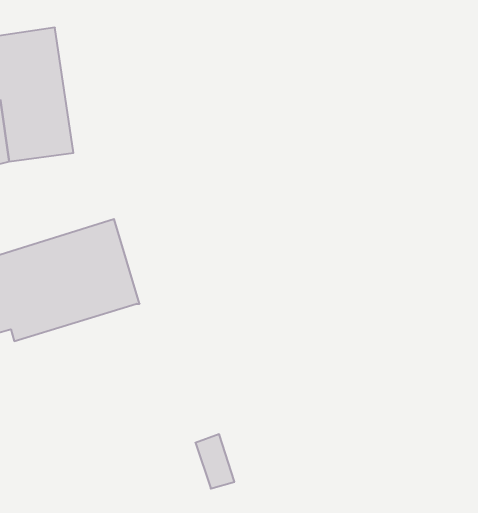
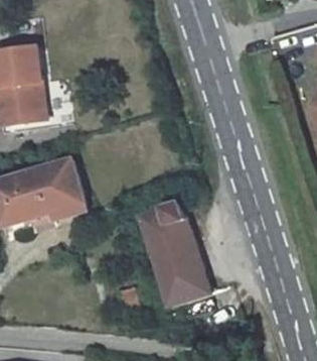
building: none -> [141,202,210,305]

